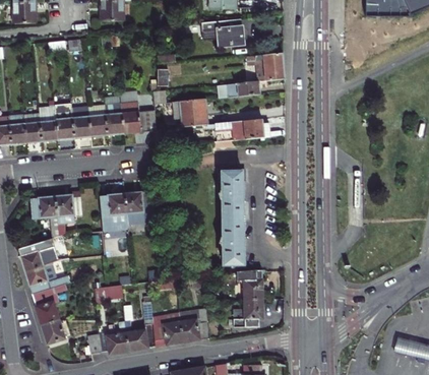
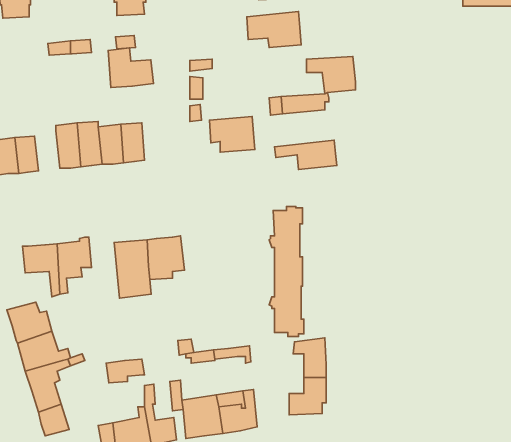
building: [121,102,156,132] -> [108,48,153,88]
building: [39,106,58,140] -> none

